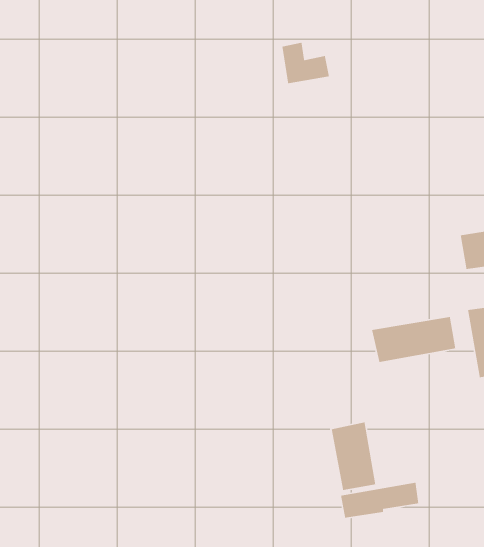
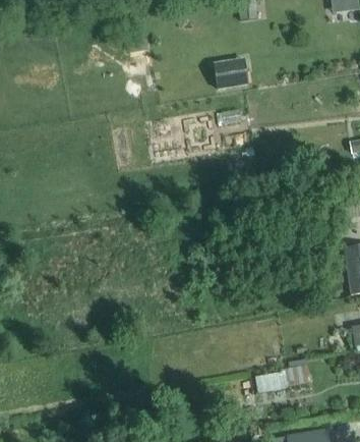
building: [371,316,456,363] -> none
building: [331,421,376,491] -> none

